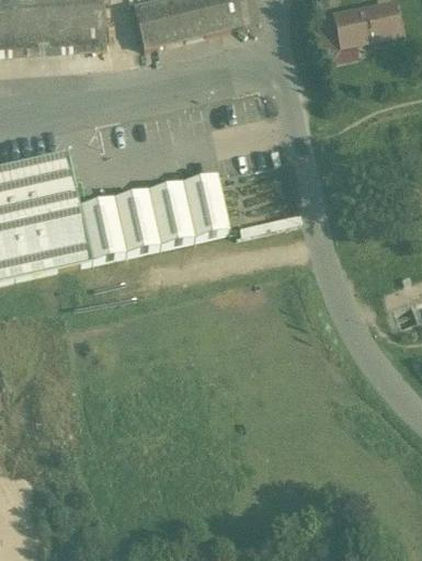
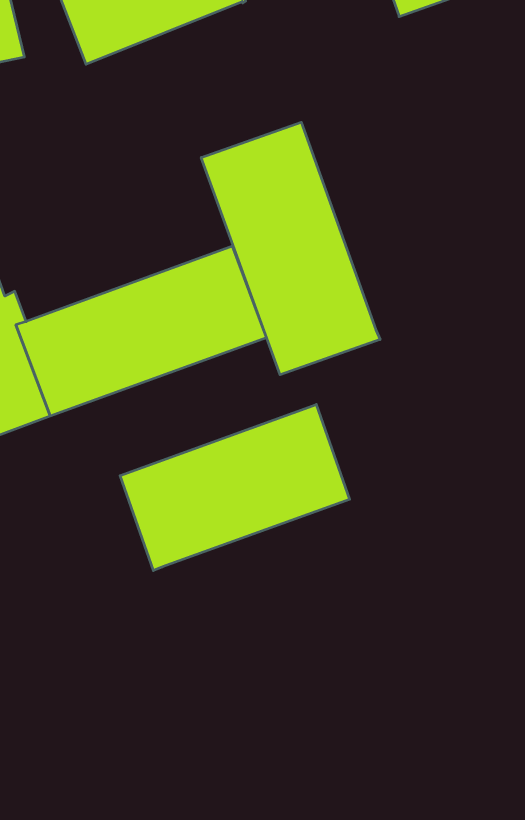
building: none -> [201,122,380,375]
building: none -> [120,404,350,571]

